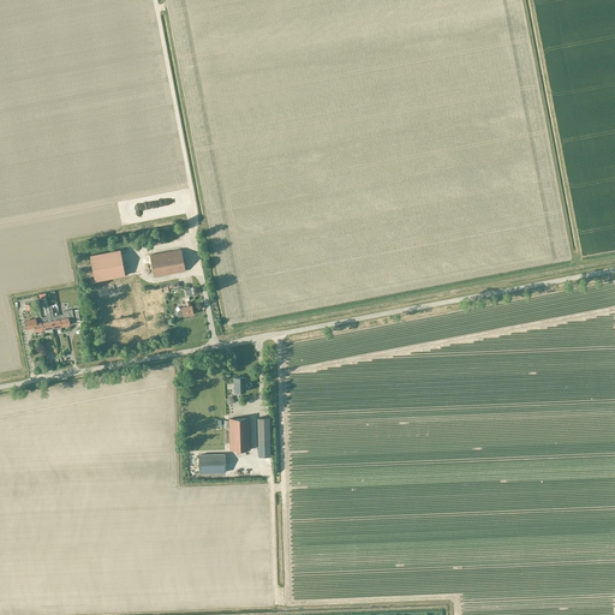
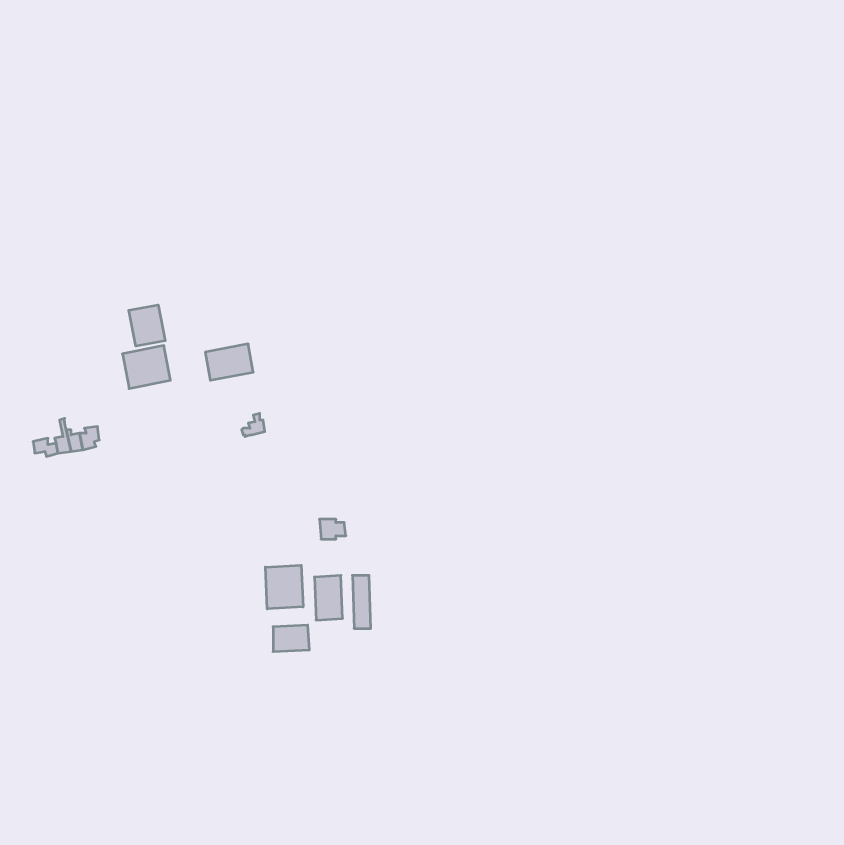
building: none -> [129,305,165,346]
building: none -> [265,565,303,609]

